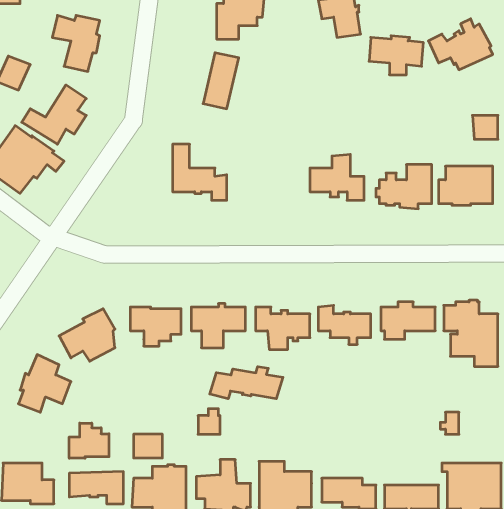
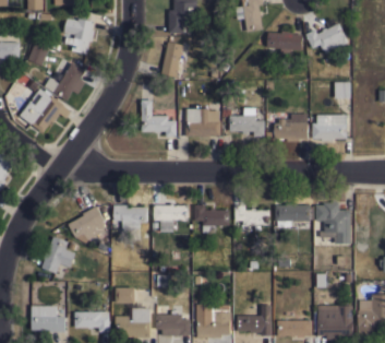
building: none -> [185,108,220,138]
building: [210,367,283,399] -> none
building: [69,423,109,458] -> none

